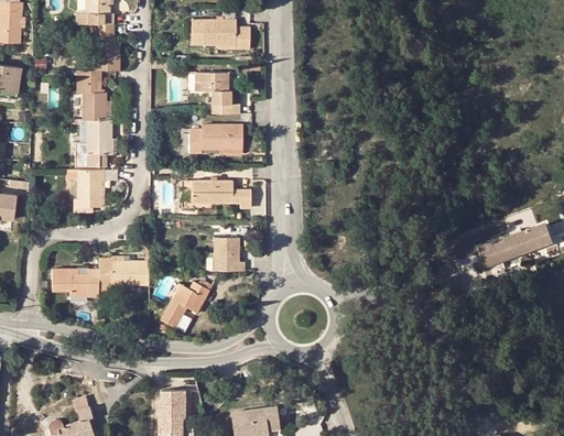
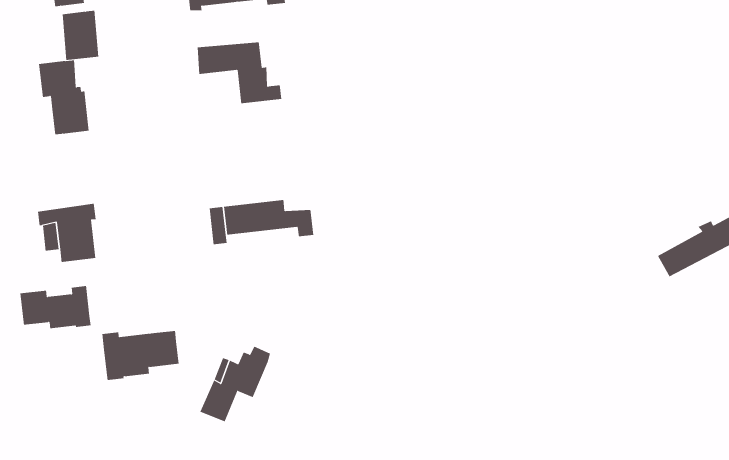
building: [75,120,111,167] -> none
building: [187,124,242,153] -> none
building: [213,239,245,271] -> none
building: [52,270,98,297] -> [20,286,91,329]

